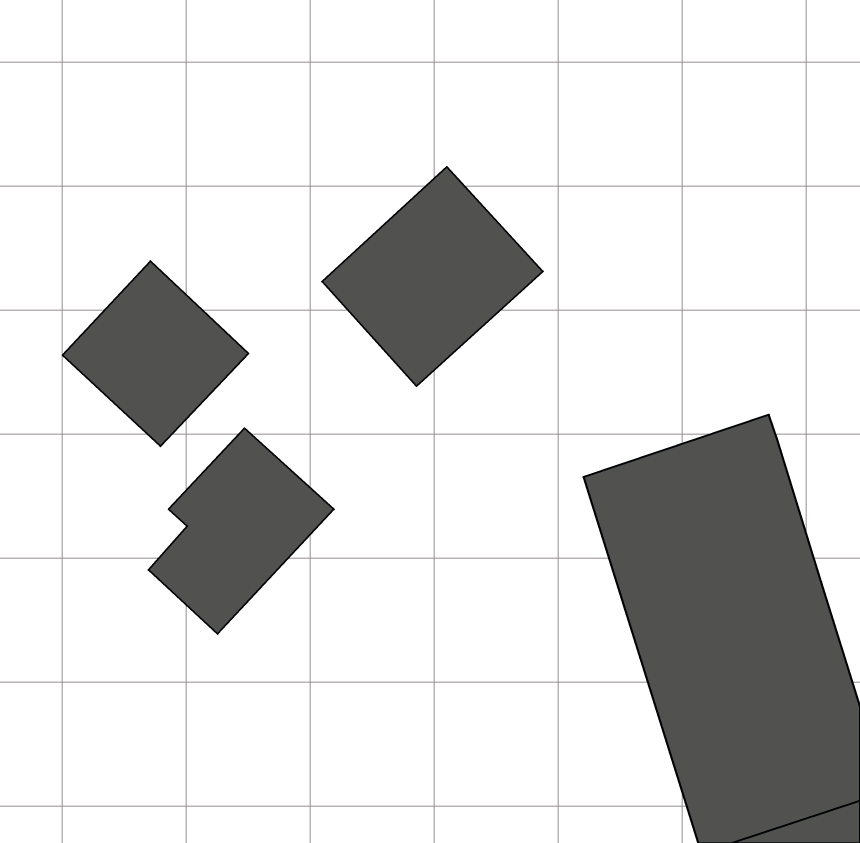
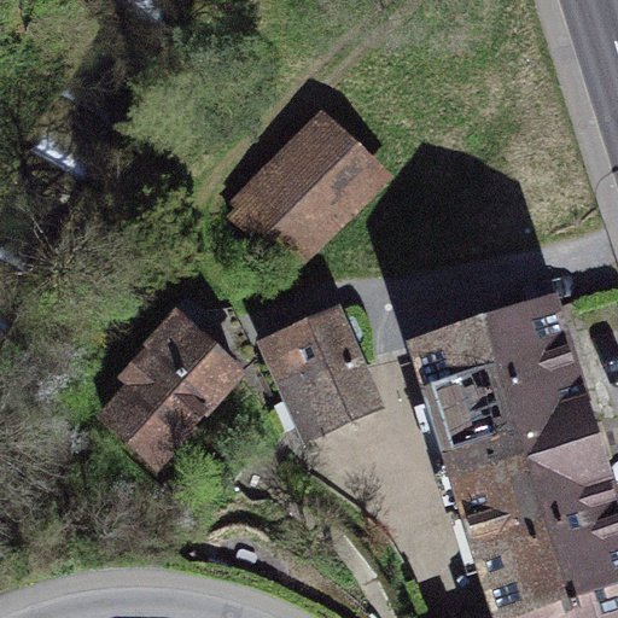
building: [63,261,248,446] -> none
building: none -> [266,304,378,427]

